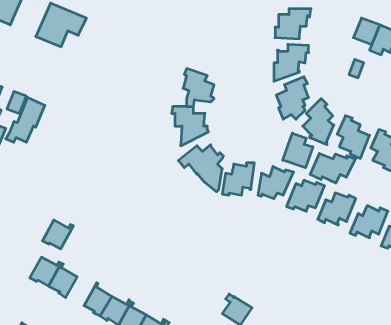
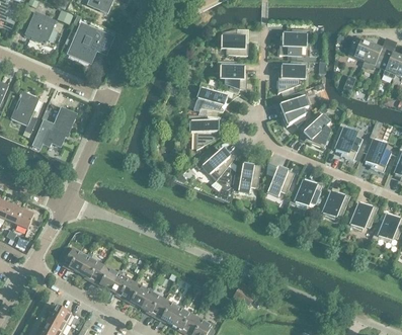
building: none -> [218,28,247,55]
building: none -> [217,60,246,92]
building: [283,133,313,168] -> none
building: [310,153,356,183] -> none
building: [42,220,73,249] -> [94,264,122,289]

